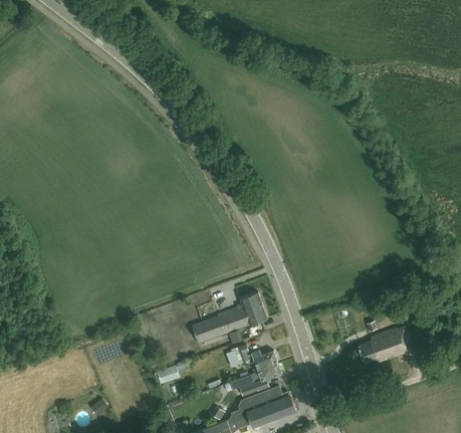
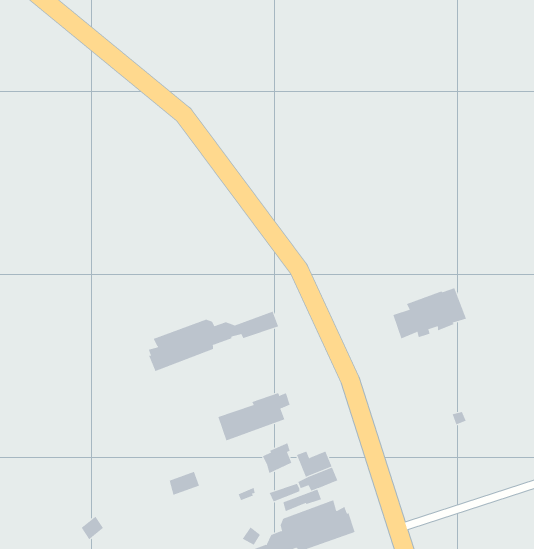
building: none -> [148,311,279,372]
building: [240,292,267,328] -> none
building: [360,326,415,364] -> [393,288,467,339]

